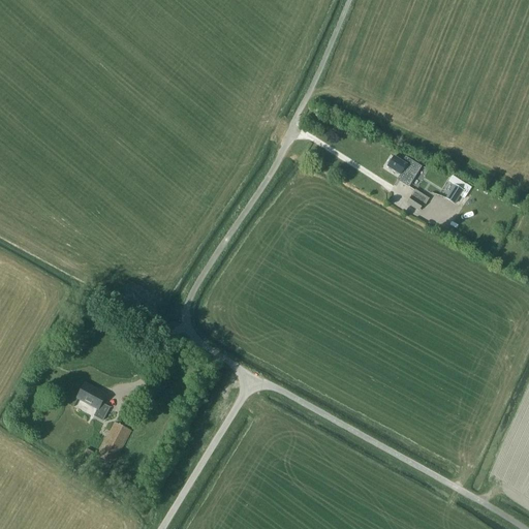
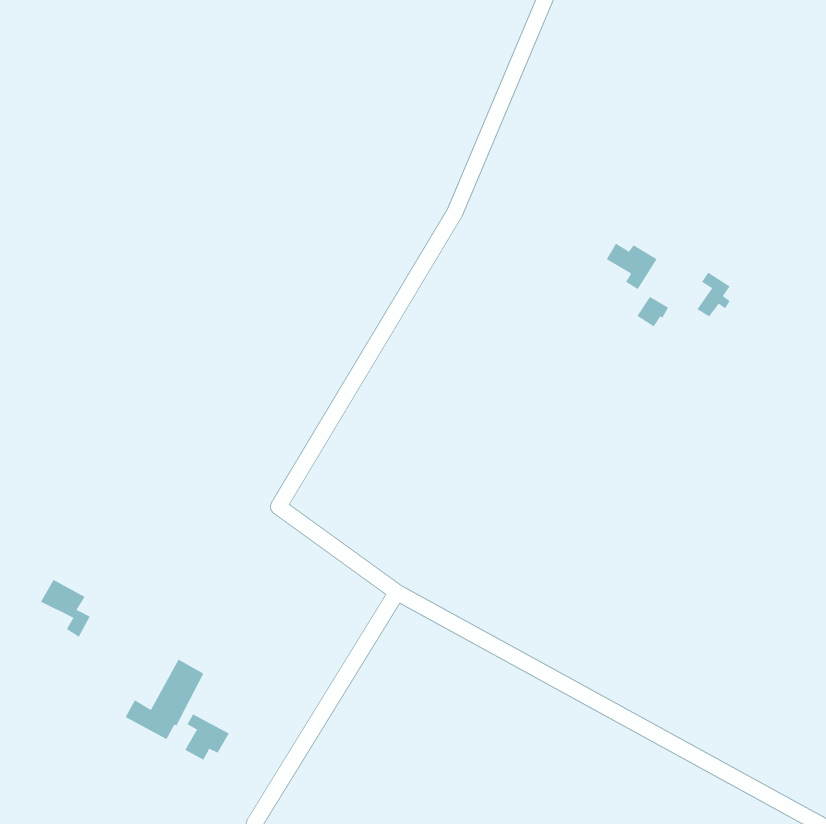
building: [75,382,107,419] -> [40,579,90,637]
building: none -> [185,714,229,761]

